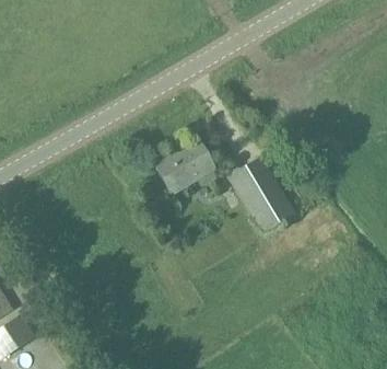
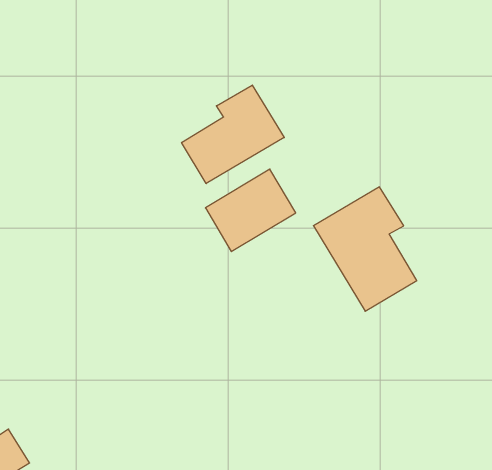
building: none -> [182,85,284,184]

